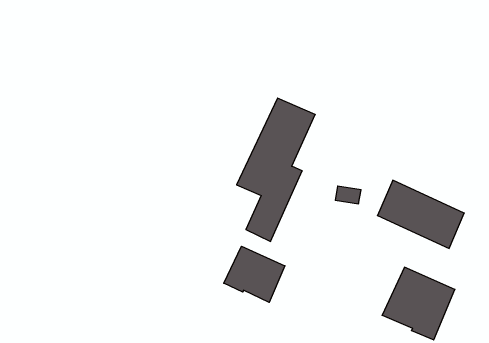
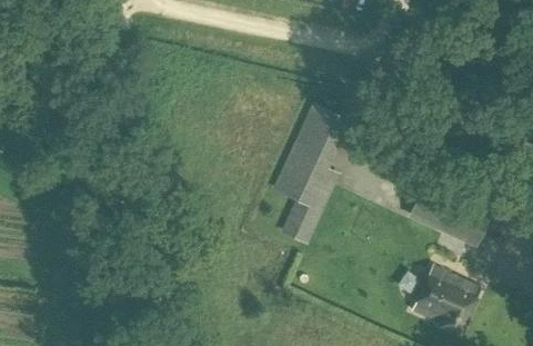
building: [224,246,285,302] -> none

